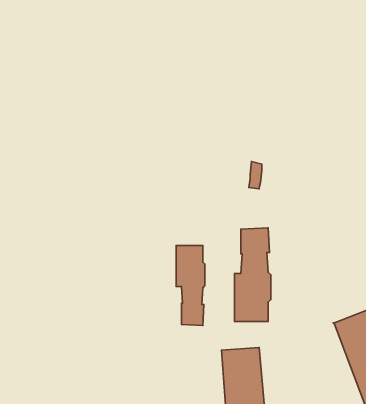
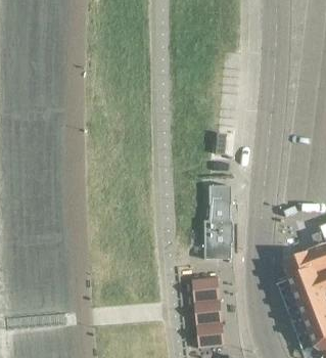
building: [176,245,205,326] -> none

